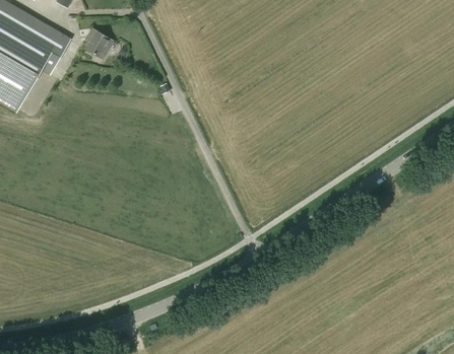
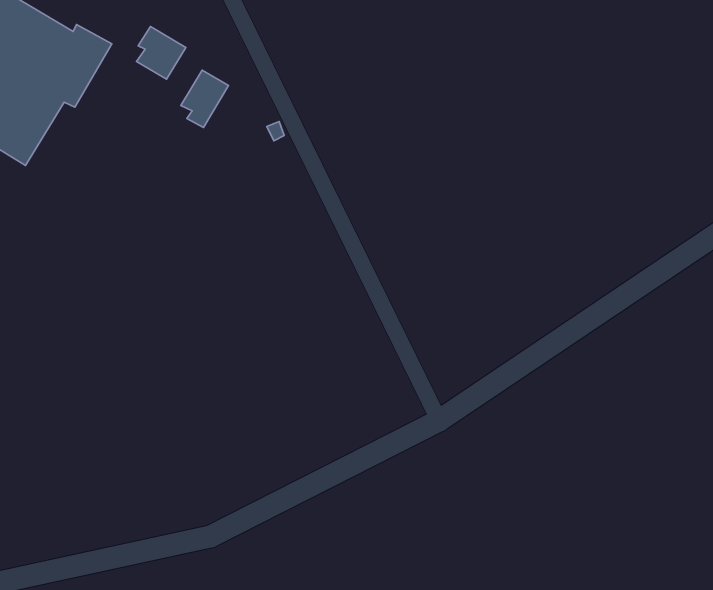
building: none -> [181,70,229,128]

